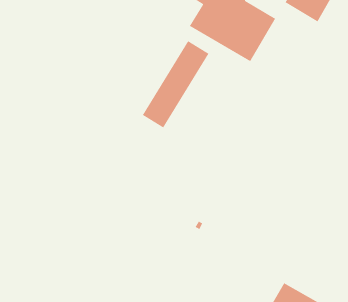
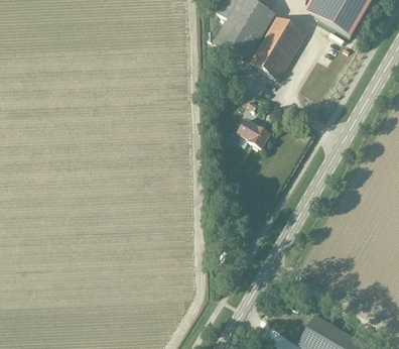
building: [142,40,210,128] -> none
building: none -> [242,121,270,147]

